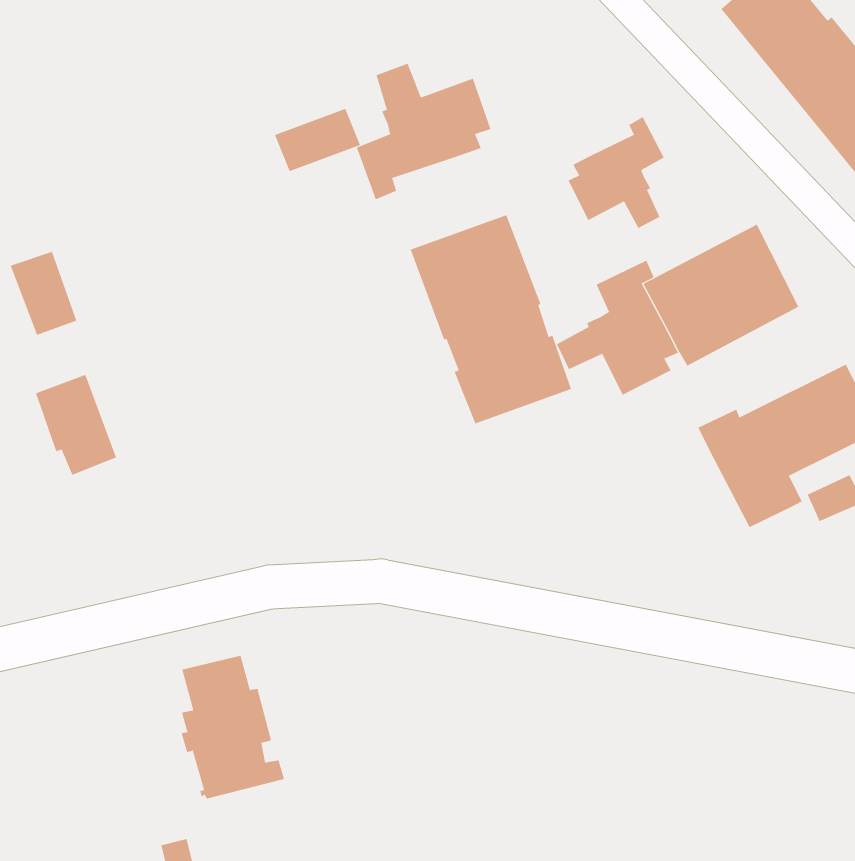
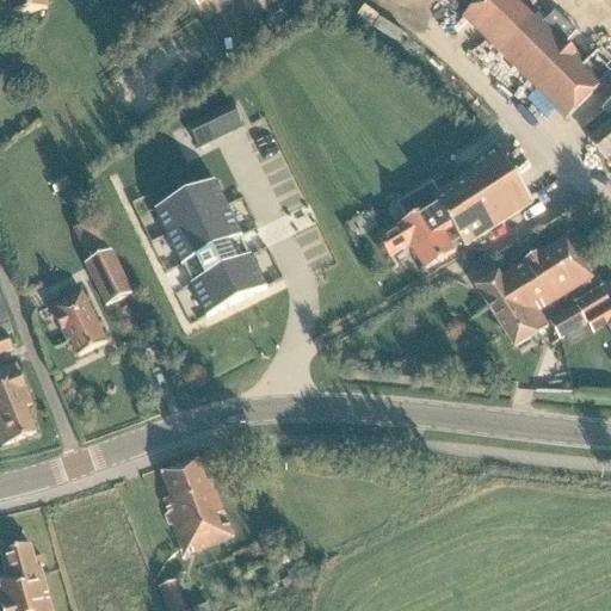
building: [356,63,491,200] -> none
building: [568,116,665,229] -> none
building: [410,214,572,424] -> [154,178,266,314]
building: [10,251,77,336] -> [85,248,131,303]

